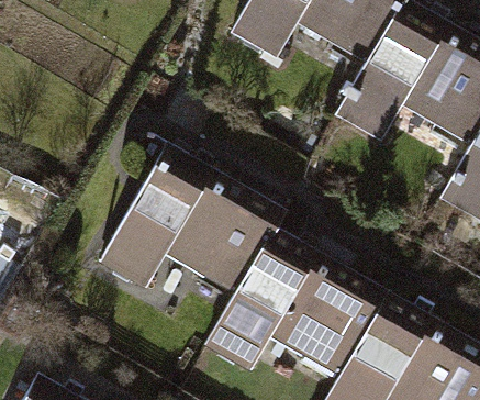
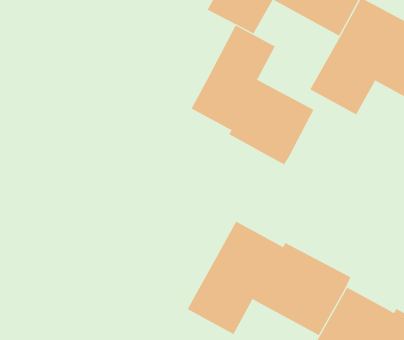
building: none -> [191,25,314,165]
building: [105,165,275,285] -> none

